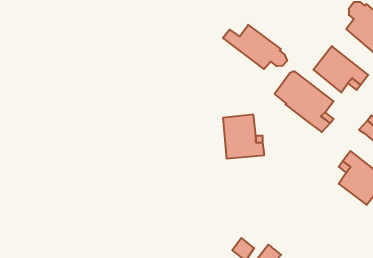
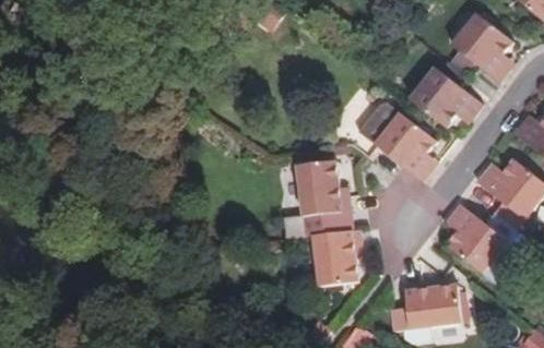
building: [223,25,287,69] -> none
building: none -> [310,228,358,285]
building: none -> [386,281,457,336]

